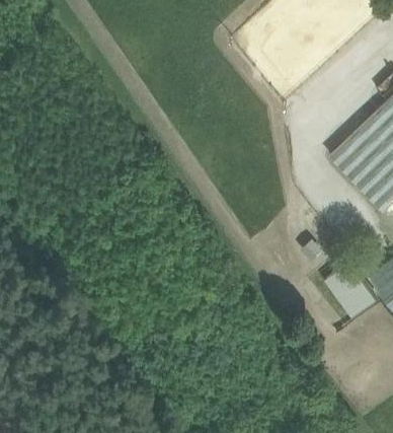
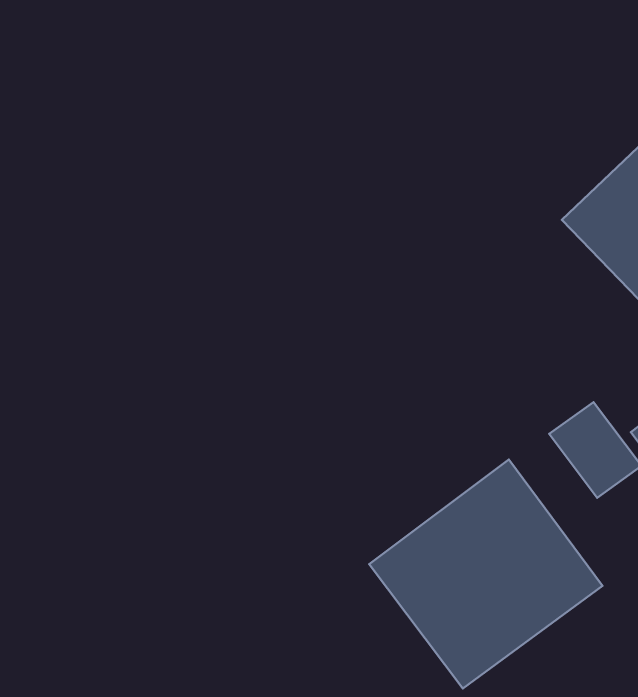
building: none -> [369,460,602,689]

